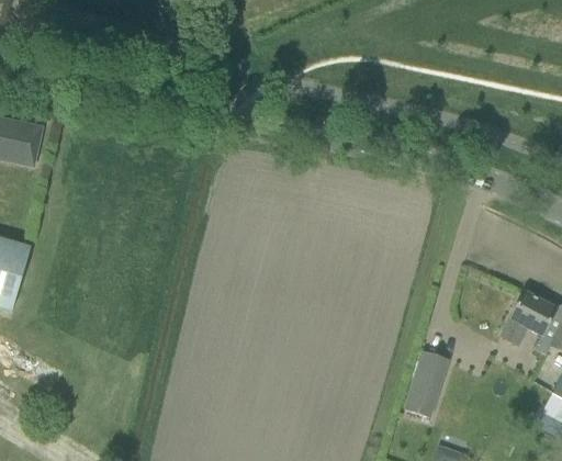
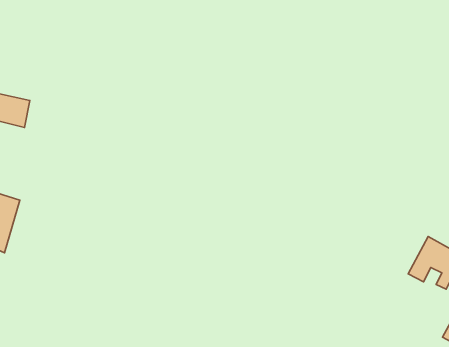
building: [405,350,448,417] -> none

